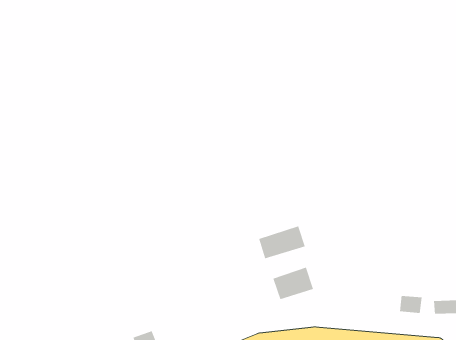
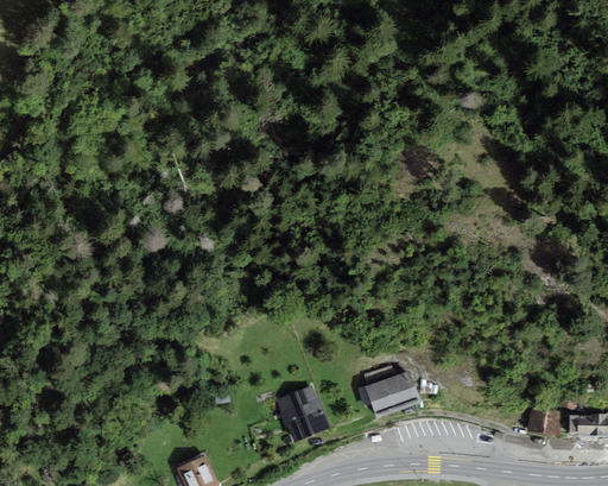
building: [258,226,305,259] -> none
building: none -> [279,386,327,437]

